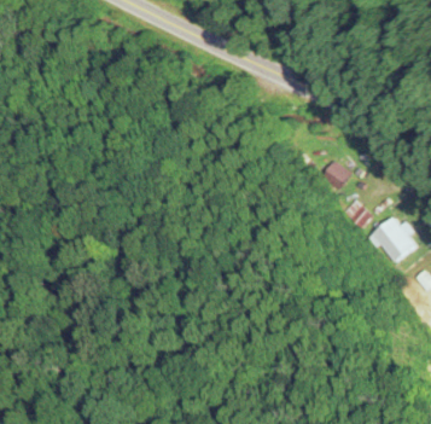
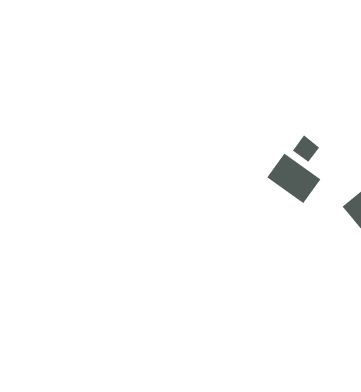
building: none -> [266,152,321,204]

